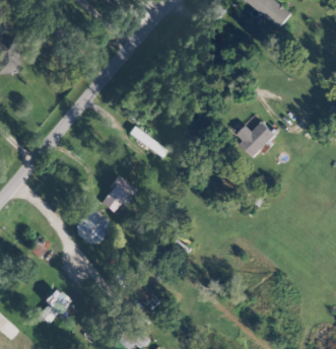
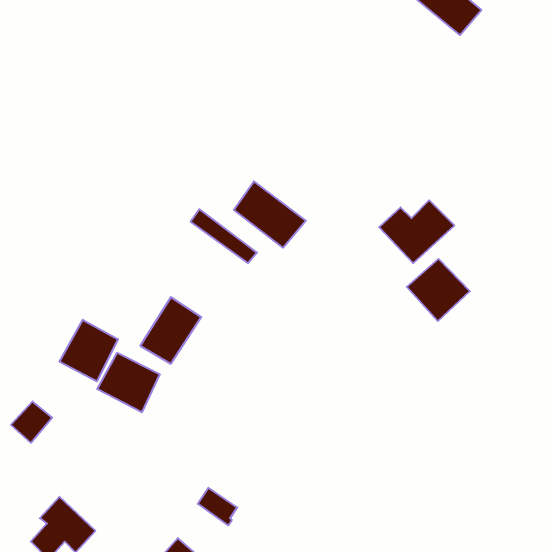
building: none -> [234,181,306,248]
building: none -> [407,259,470,321]
building: none -> [60,320,118,381]

